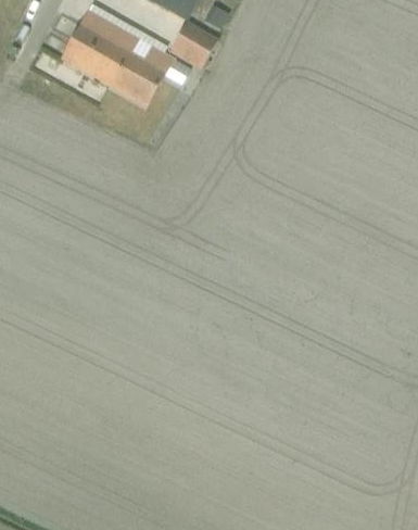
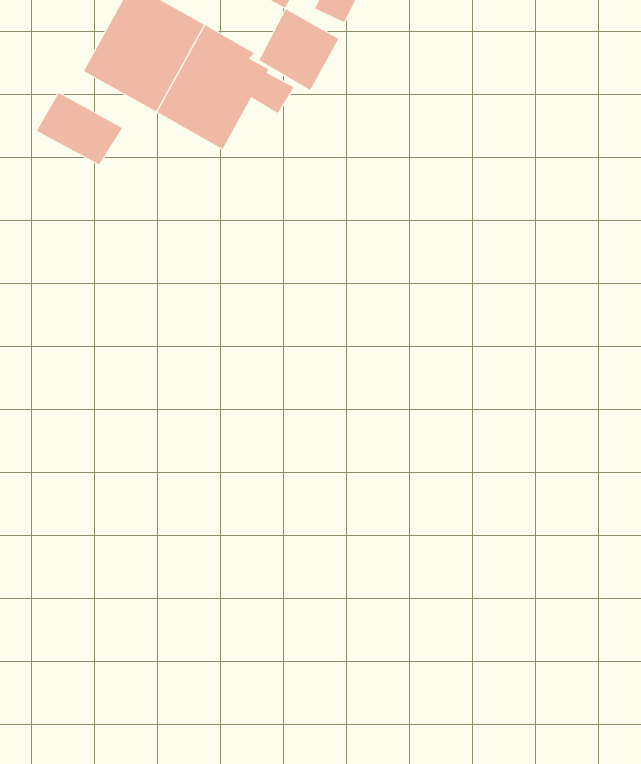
building: none -> [36,92,123,165]

